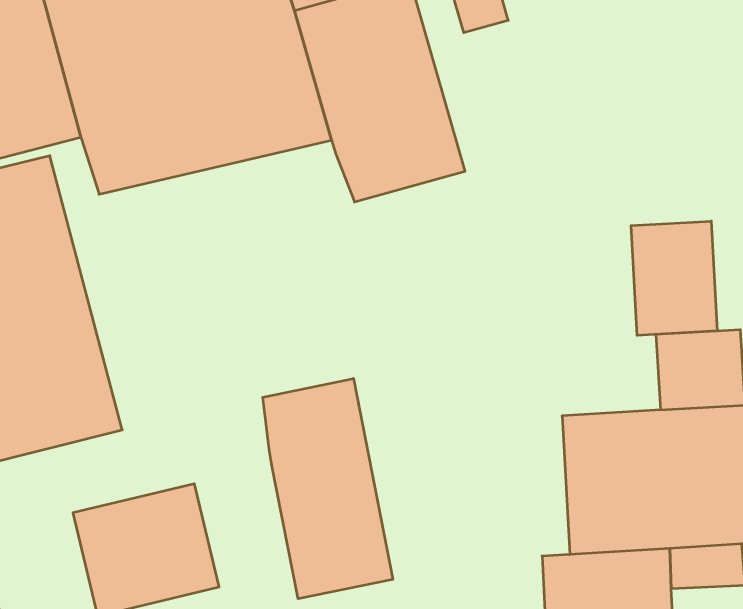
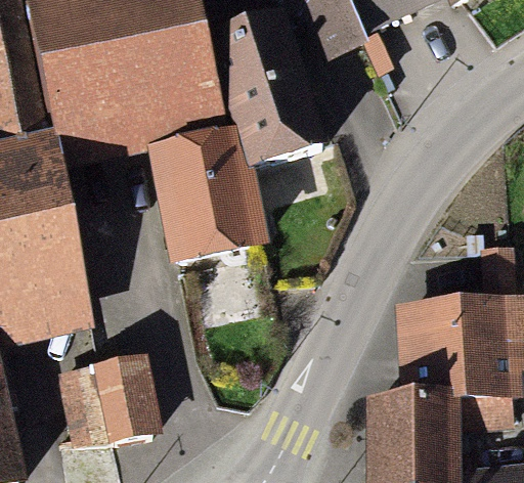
building: none -> [159,139,268,269]
building: [631,221,717,335] -> none
building: [263,378,393,599] -> none

